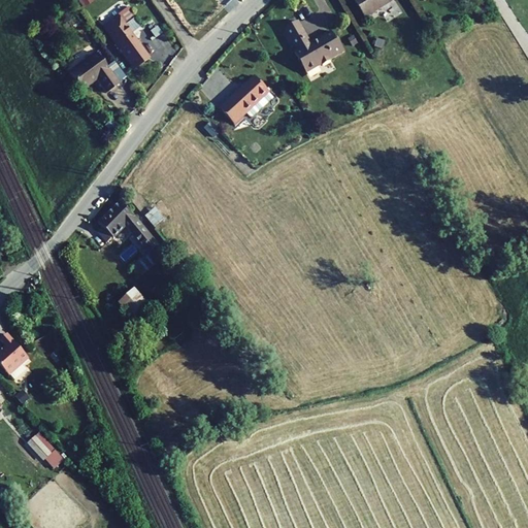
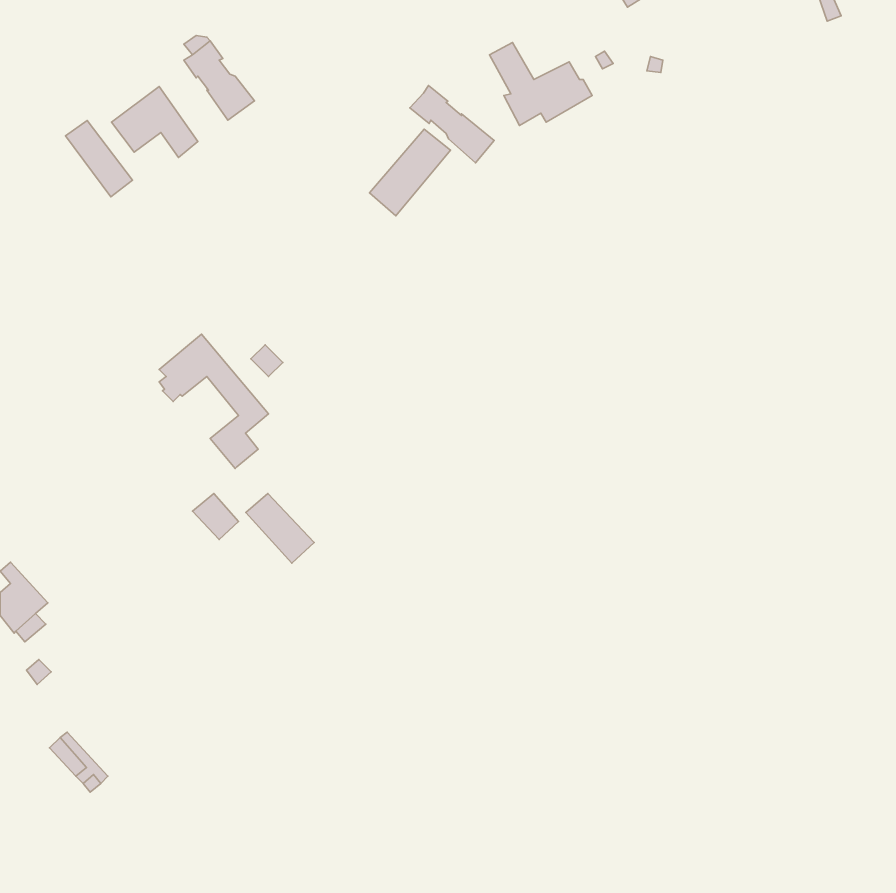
building: none -> [410,85,494,163]
building: none -> [66,121,132,197]
building: none -> [246,493,314,563]

